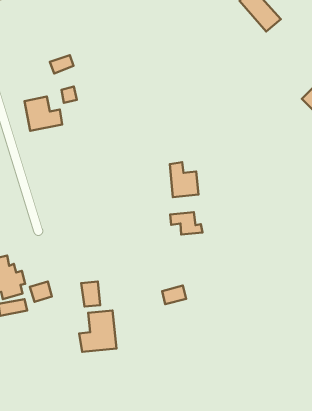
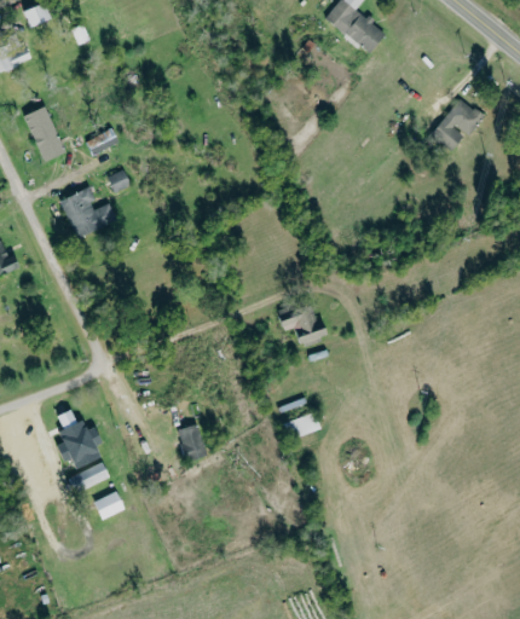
building: none -> [23,105,65,161]
building: [170,162,199,197] -> none
building: [30,282,52,302] -> [93,490,125,520]
building: [79,310,117,352] -> none

